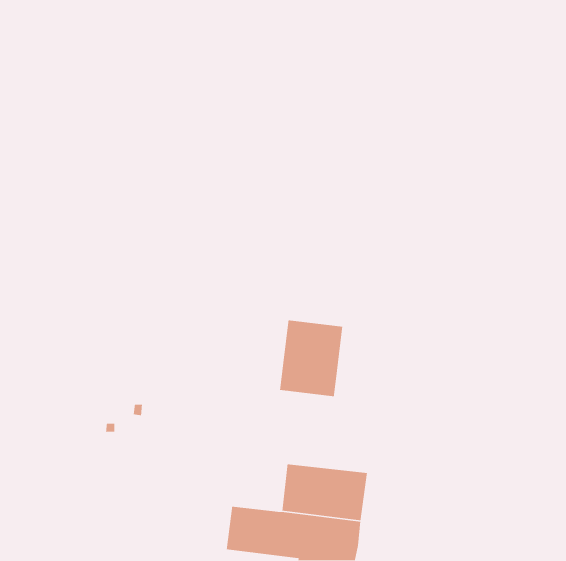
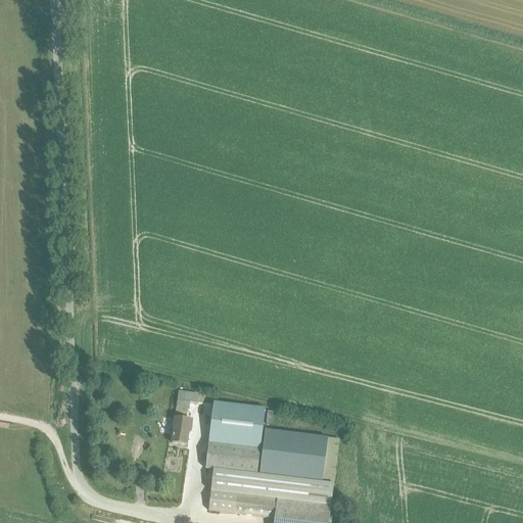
building: [279,320,343,397] -> [205,400,265,472]
building: none -> [172,390,197,442]

